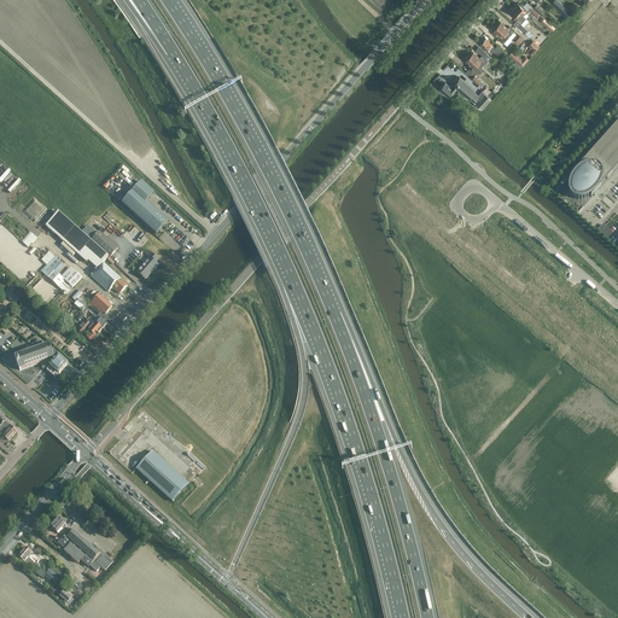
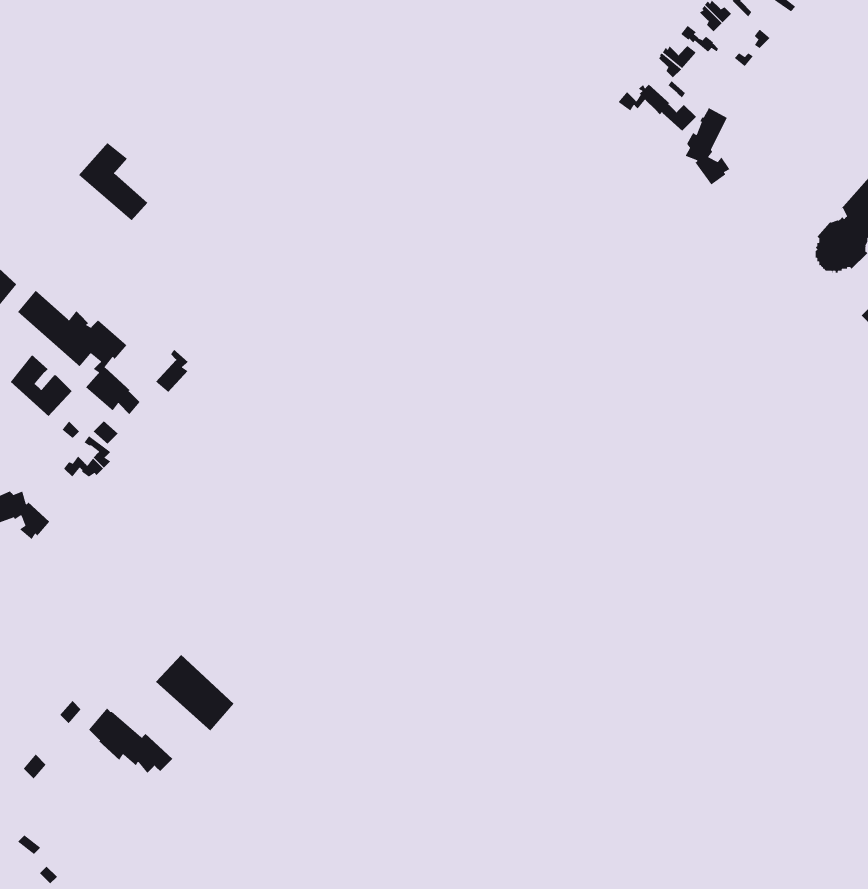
building: none -> [685,107,731,186]
building: [121,180,167,232] -> [78,142,148,221]
building: [57,526,112,570] -> [88,707,173,774]

